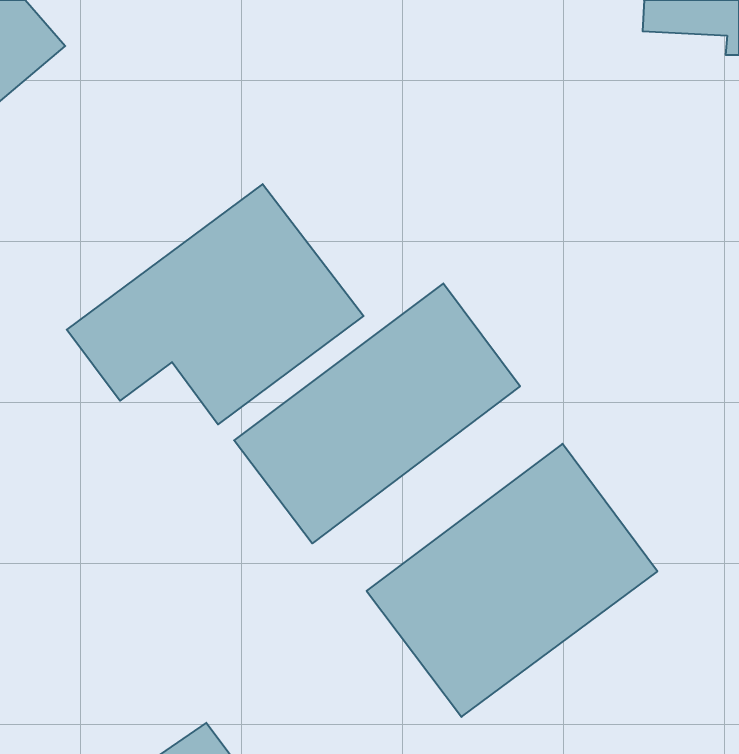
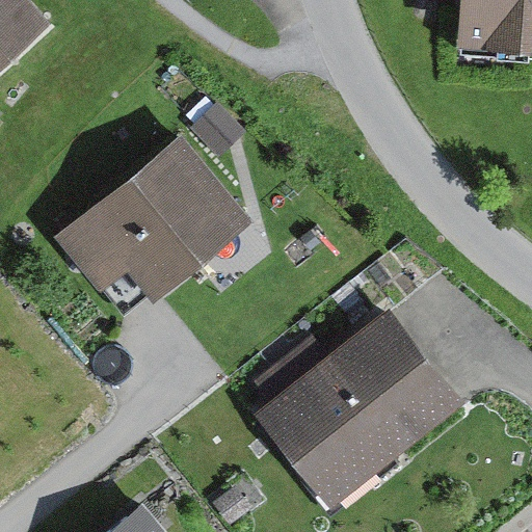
building: [234,283,520,543] -> none

